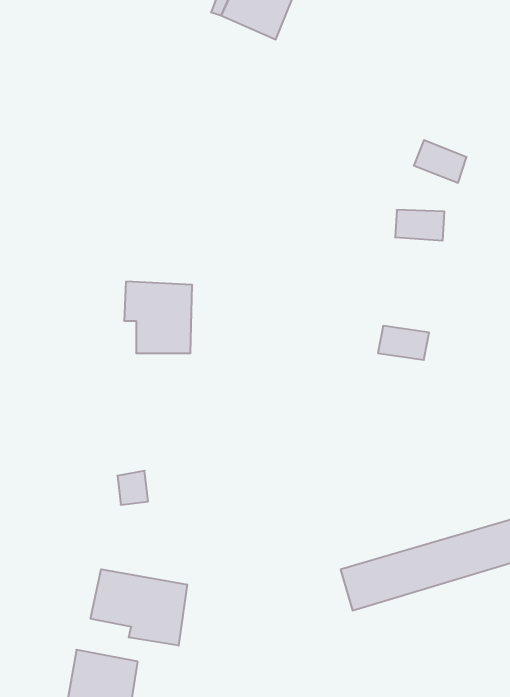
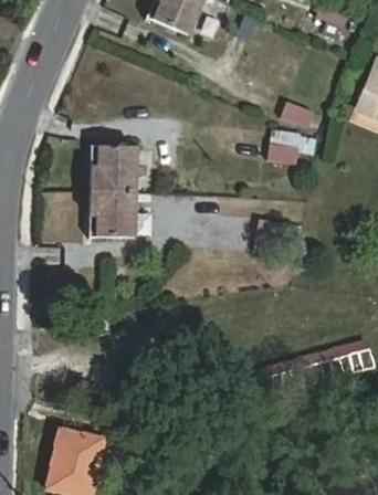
building: none -> [92,147,135,193]
building: [91,569,187,646] -> none

